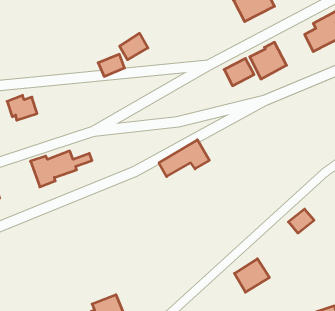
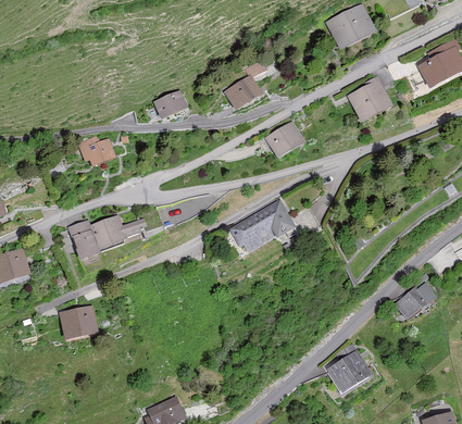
building: [120,33,148,60] -> [225,76,261,110]
building: [224,58,254,86] -> [264,122,302,157]
building: [7,95,37,120] -> [78,135,116,166]
building: none -> [60,307,97,339]

